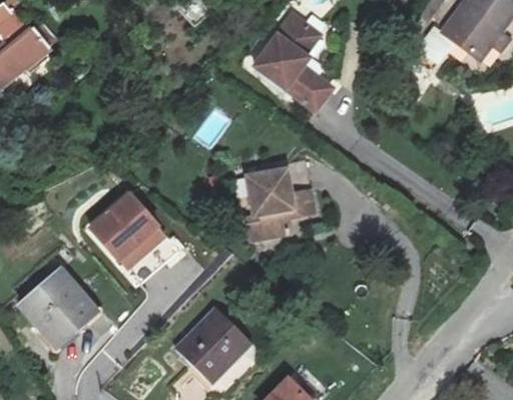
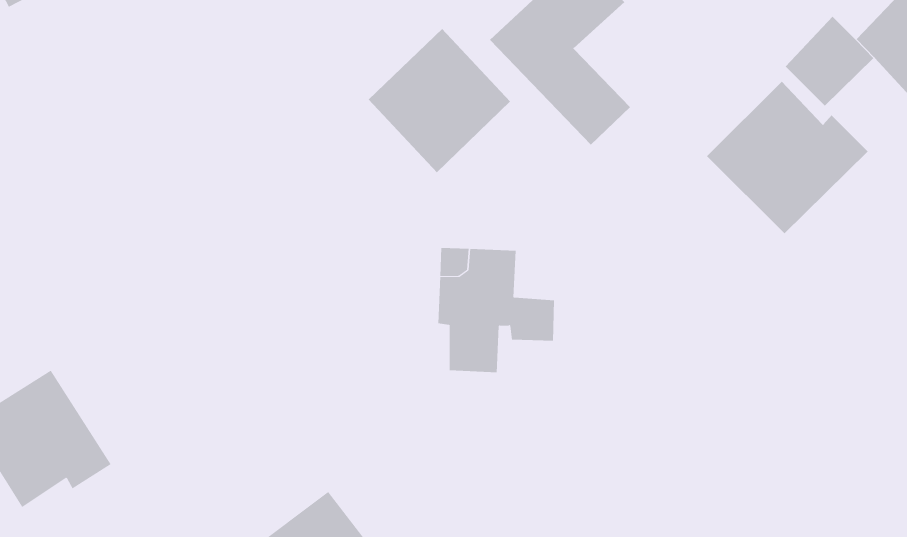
building: none -> [706,81,869,234]
building: none -> [368,28,511,173]
building: [91,193,161,265] -> none

